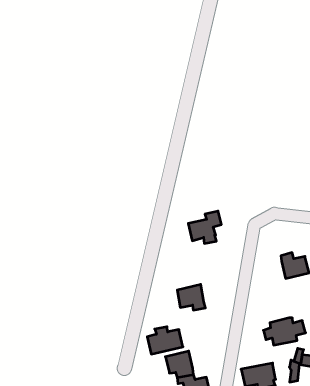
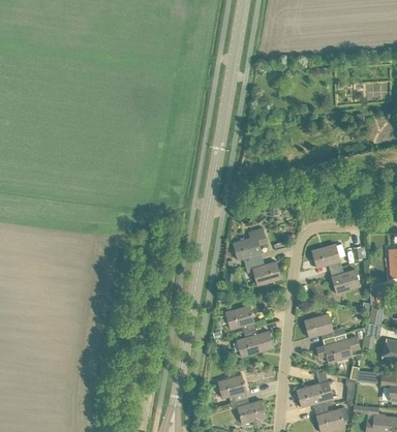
building: none -> [311,243,344,271]
building: none -> [244,259,280,285]
building: none -> [304,313,338,340]
building: [147,327,183,354] -> [236,329,273,358]

